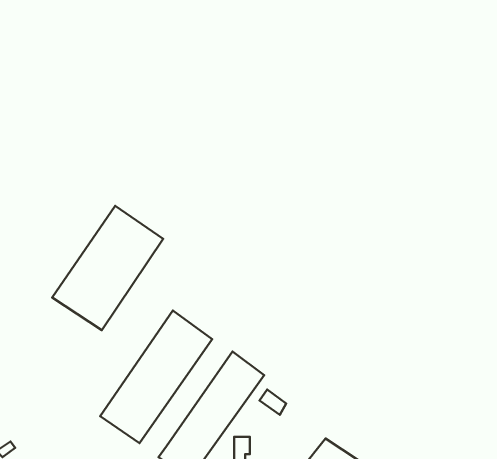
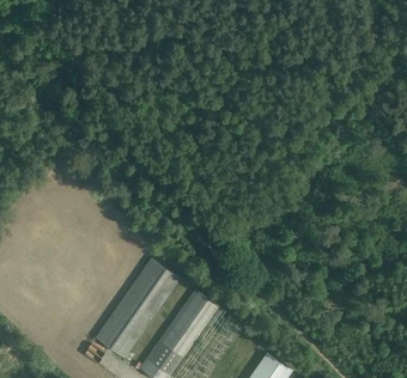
building: [52,206,163,330] -> none

